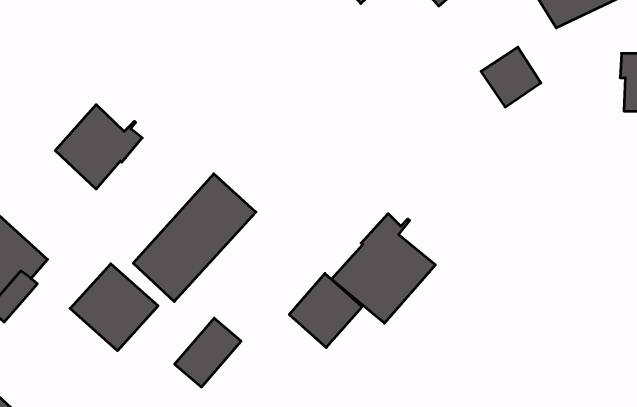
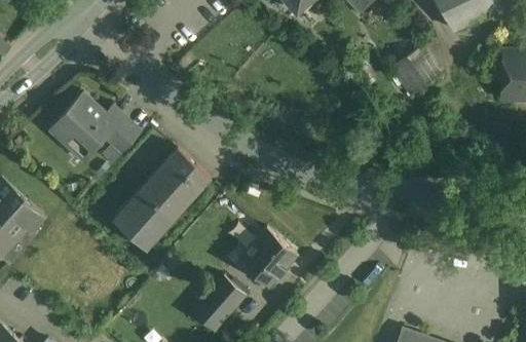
building: none -> [104,105,142,152]
building: [331,214,435,323] -> none
building: [70,264,158,351] -> none
building: [175,318,241,387] -> [192,273,246,329]

